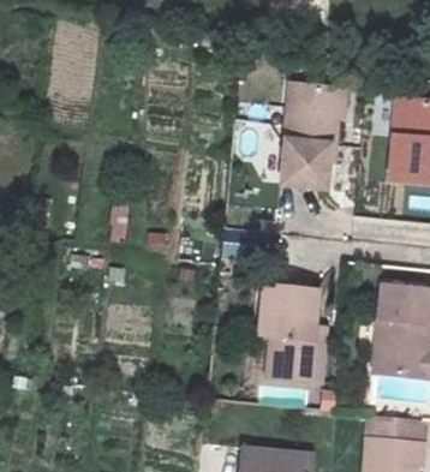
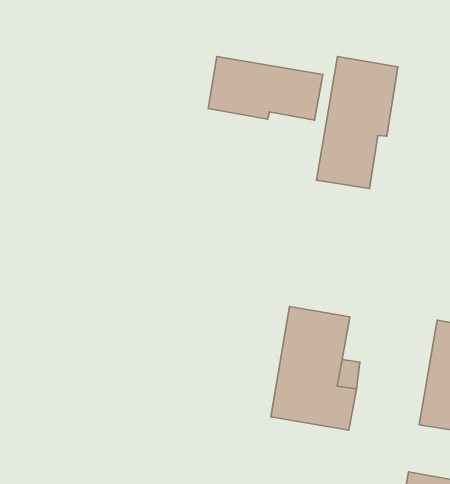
building: none -> [208,57,323,120]

